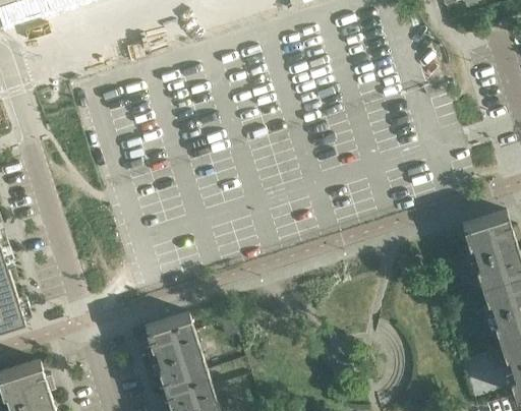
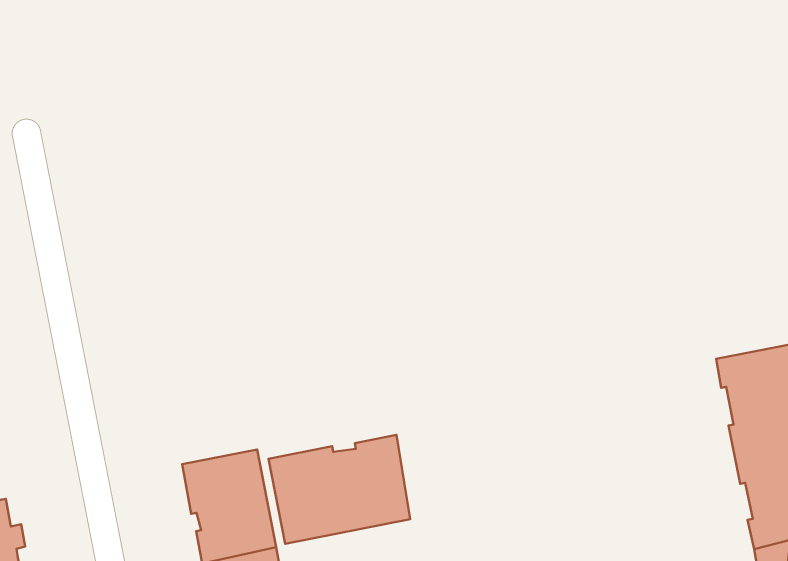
building: none -> [269,435,410,544]

